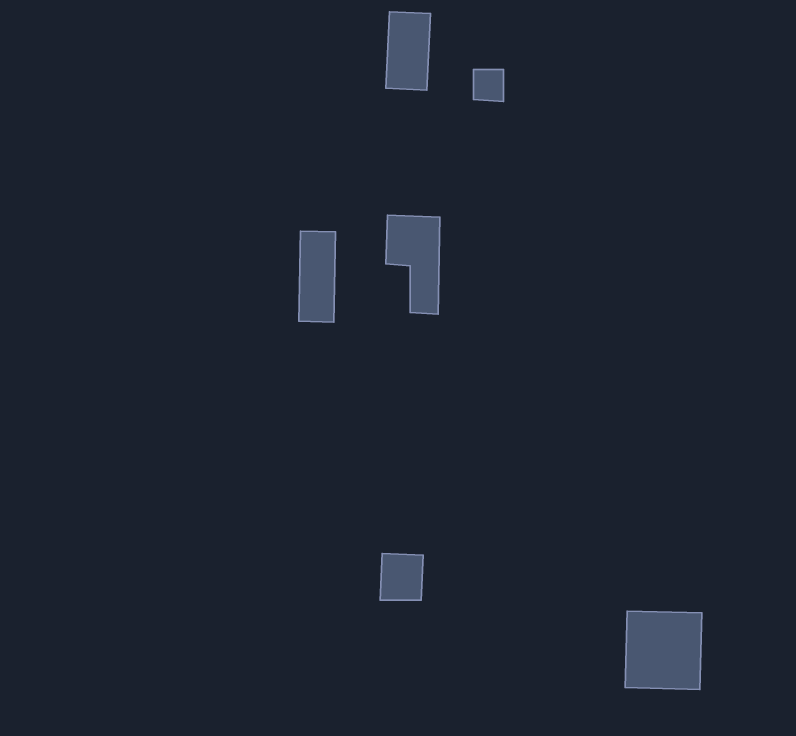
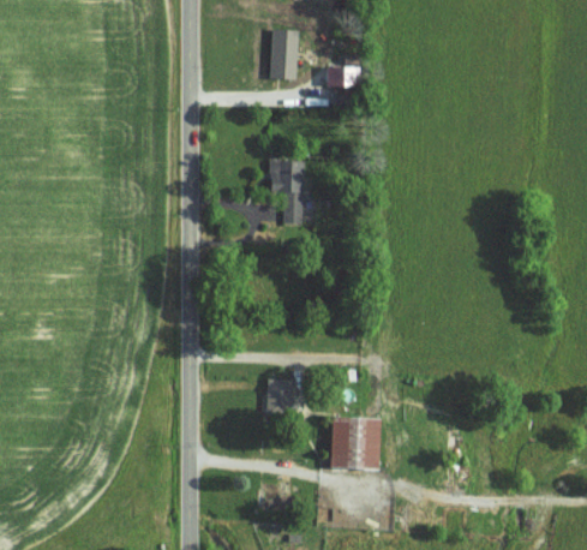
building: [299,231,336,322] -> none
building: [625,611,702,690] -> [330,417,379,467]

